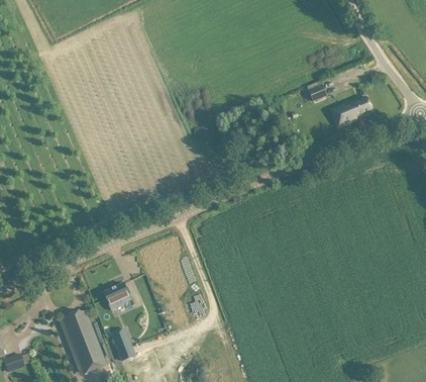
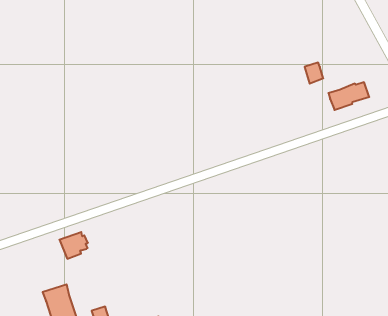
building: [103,283,131,310] -> [59,232,88,259]

